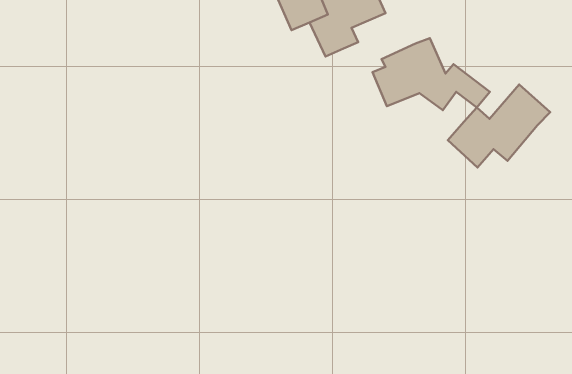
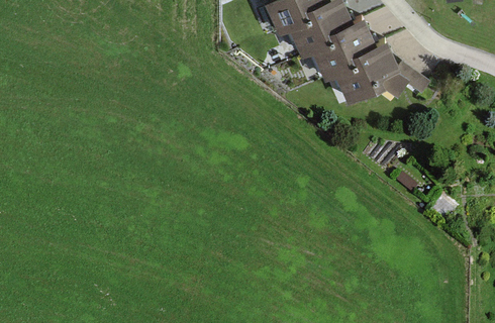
building: none -> [317,19,373,76]
building: [448,85,550,167] -> none

